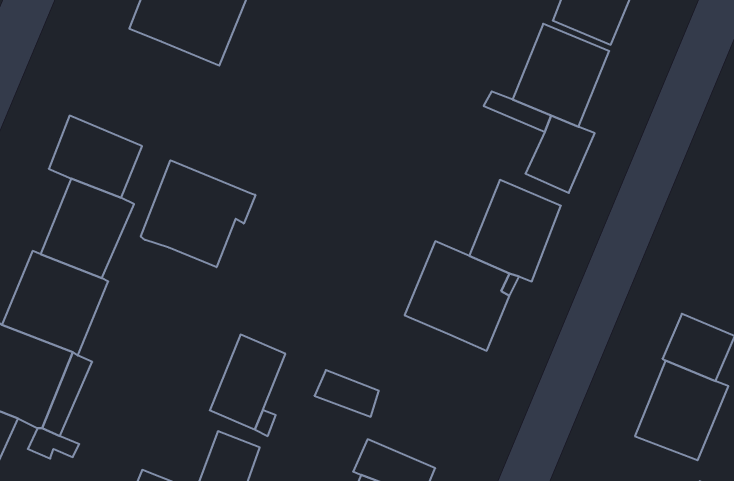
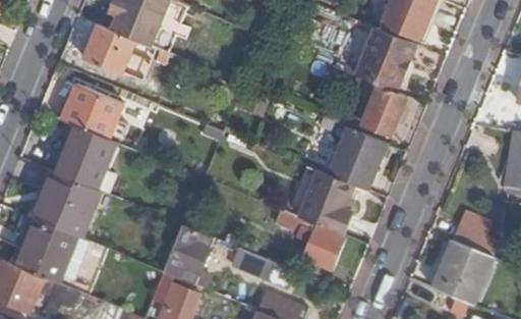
building: none -> [84,24,133,72]
building: [141,160,255,267] -> none
building: none -> [275,210,342,268]

